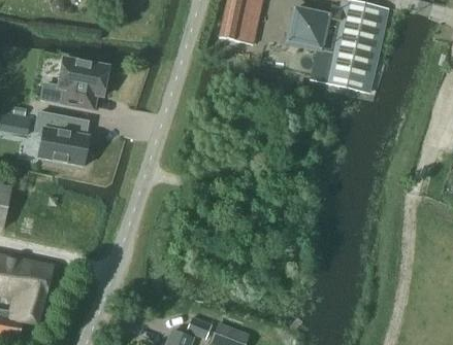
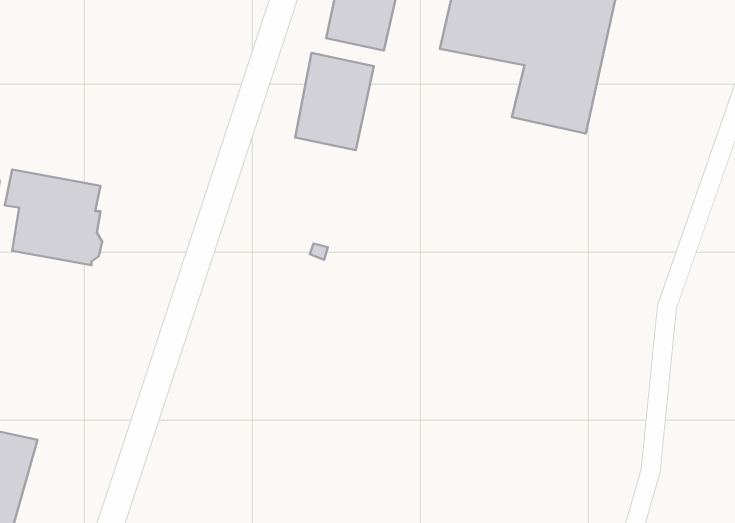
building: none -> [295,53,374,150]
building: [58,58,108,110] -> none

